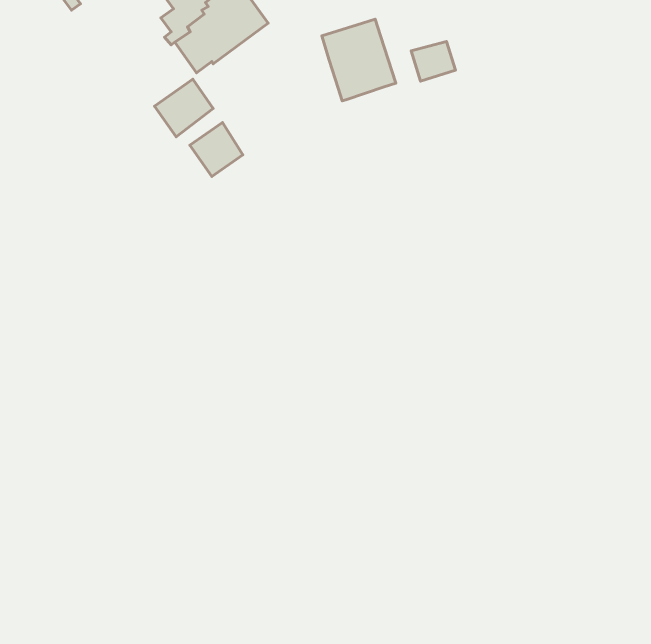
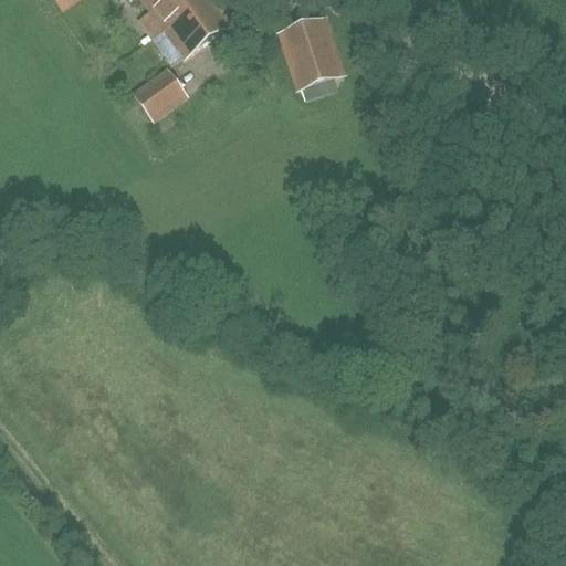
building: [411,41,455,81] -> none
building: [190,122,243,177] -> none

